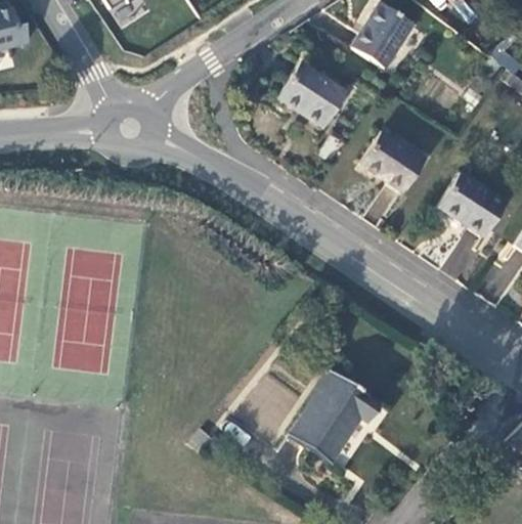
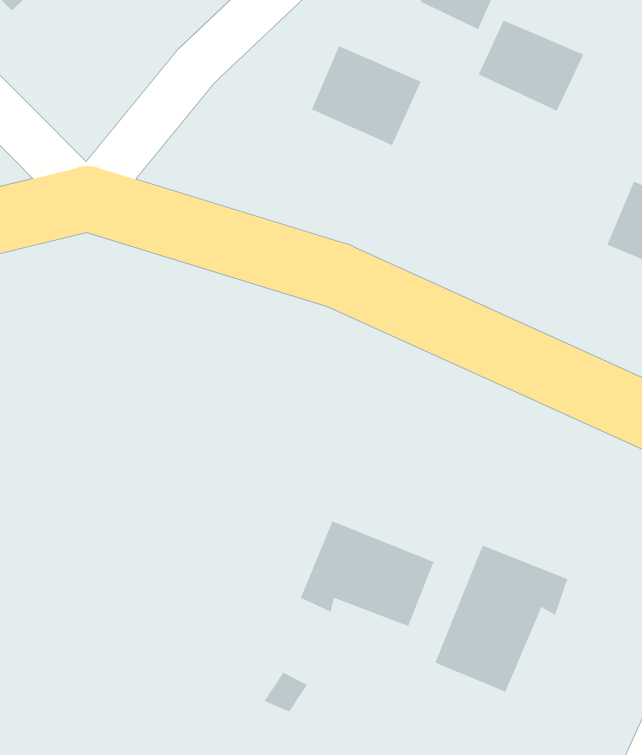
building: [360,132,425,191] -> [478,20,584,111]
building: none -> [300,520,434,627]

